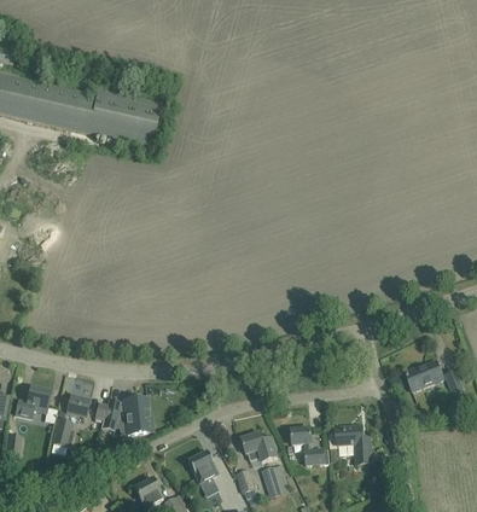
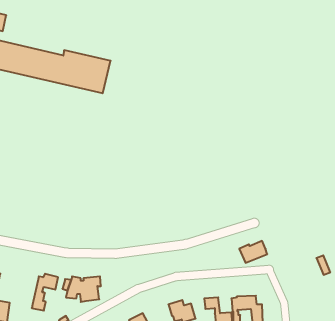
building: [405,360,443,390] -> [239,241,267,263]
building: [16,385,51,417] -> none

